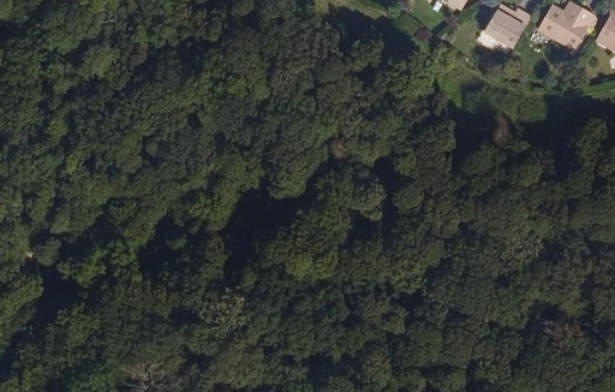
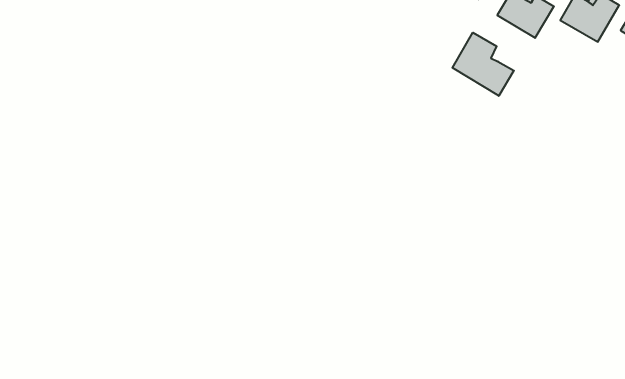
building: none -> [452,33,514,96]

